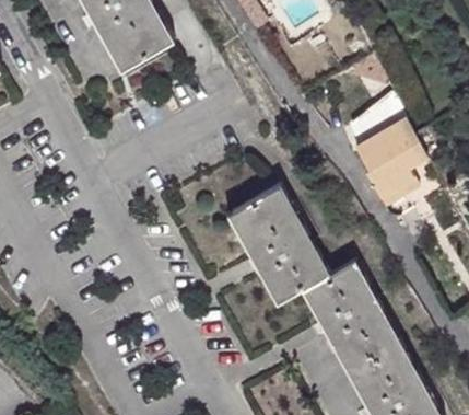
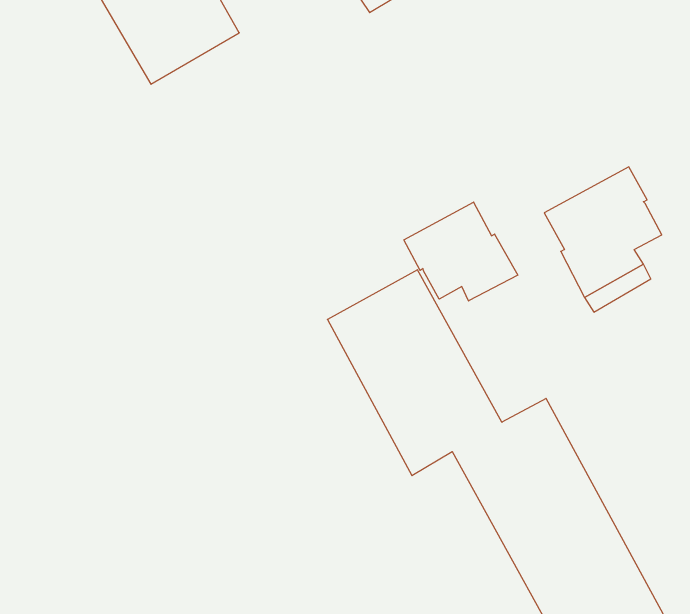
building: none -> [404,202,518,301]

